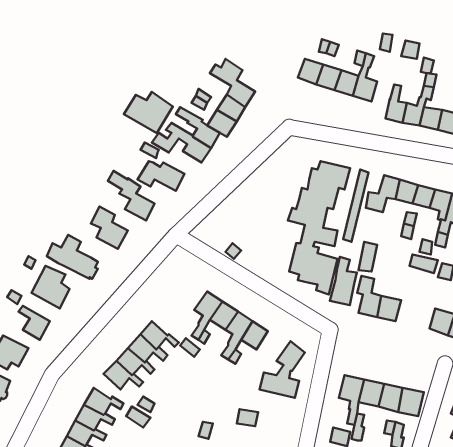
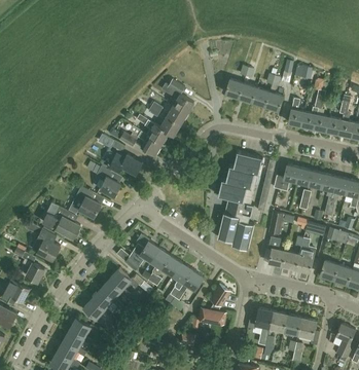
building: [124,92,173,133] -> none
building: [330,257,357,305] -> [295,237,315,272]
building: none -> [124,240,158,270]

